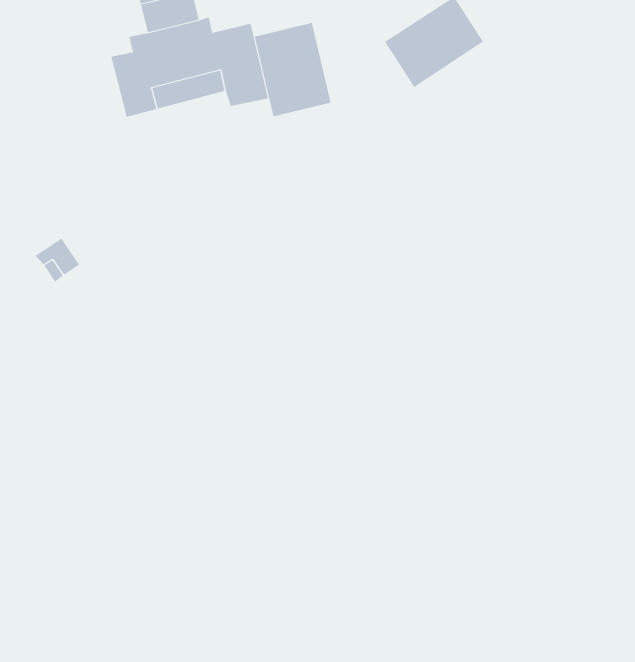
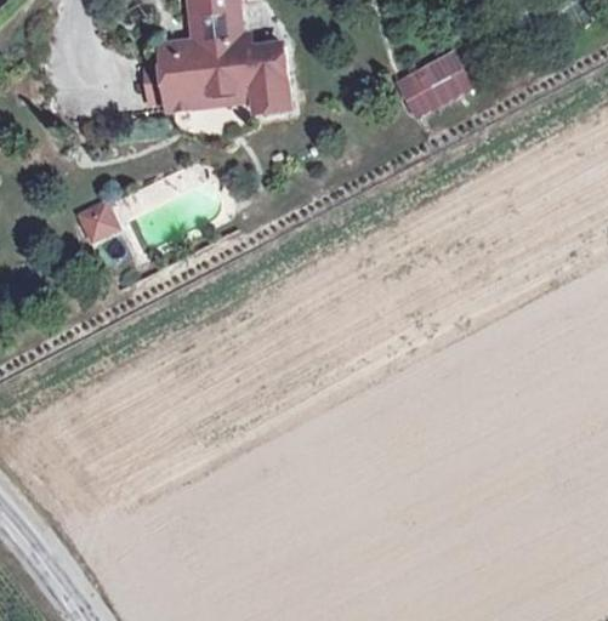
building: [254,22,331,117] -> none

